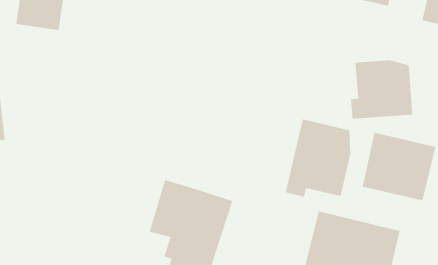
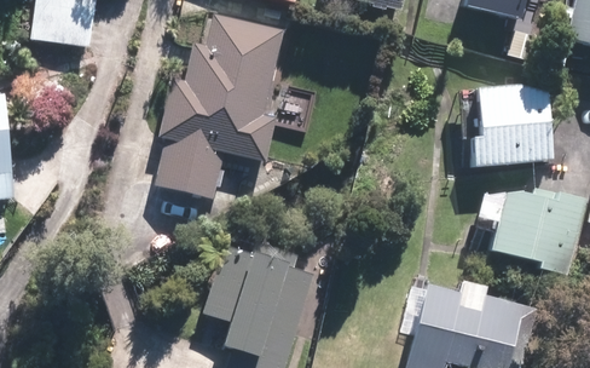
building: none -> [155,15,285,197]
building: [285,119,351,198] -> none

